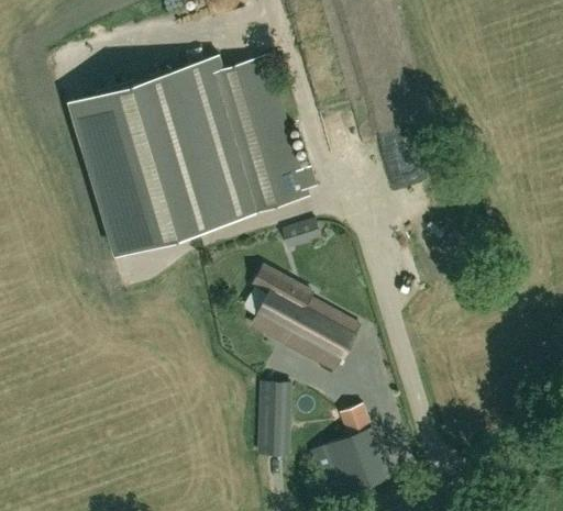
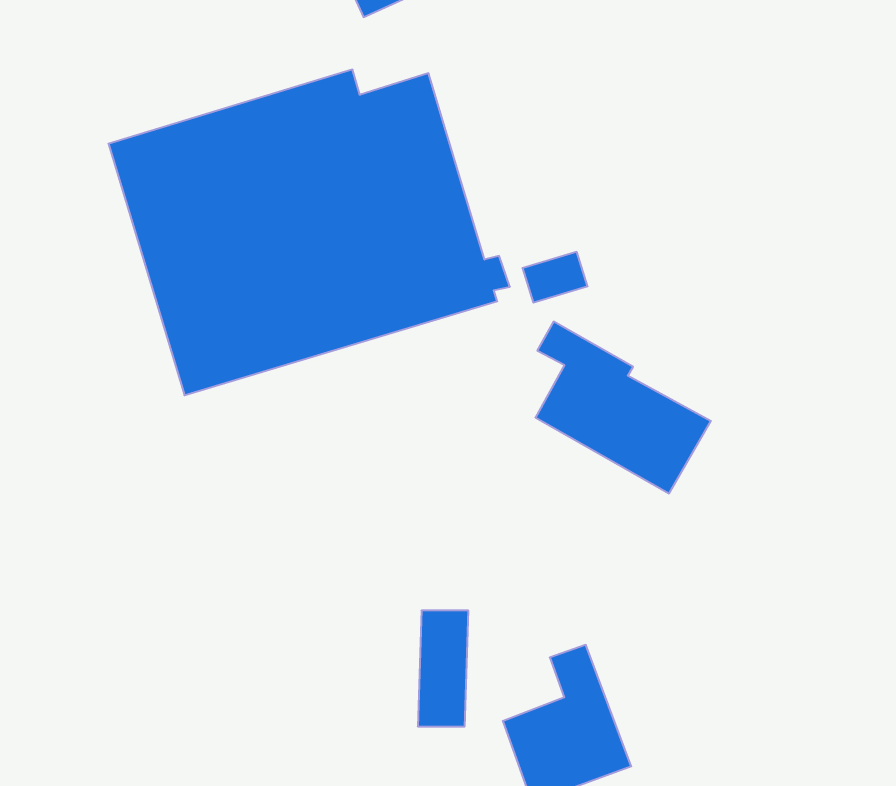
building: [280,220,320,251] -> [522,252,588,303]
building: [251,267,357,371] -> [535,322,711,493]

